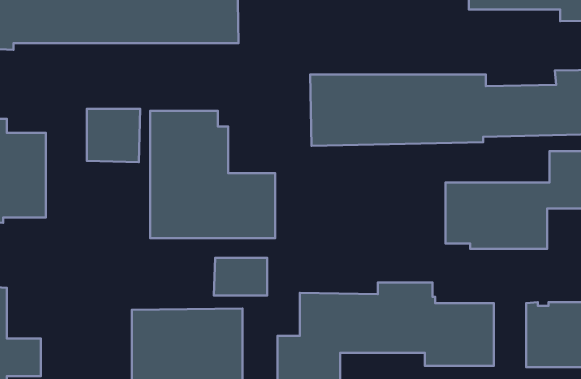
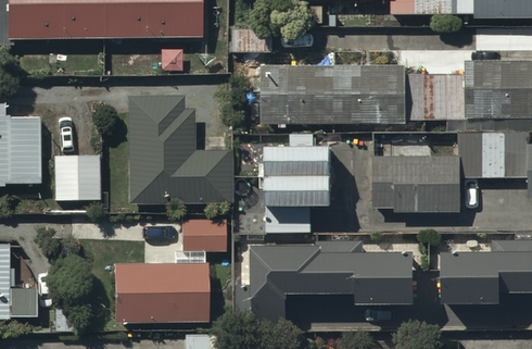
building: [87,109,140,162] -> [53,155,98,200]
building: none -> [266,132,330,232]

